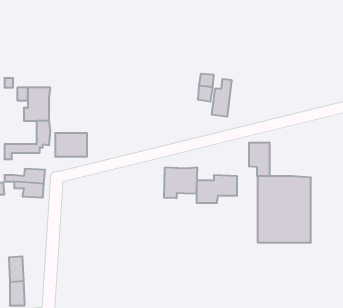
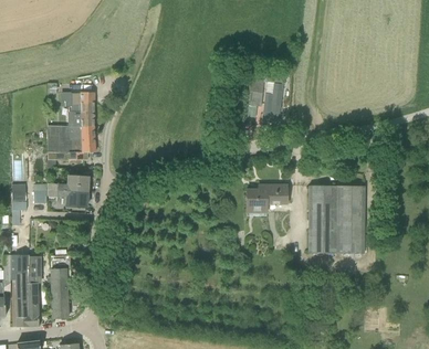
building: [55,133,87,157] -> [46,127,80,151]
building: [249,142,269,176] -> none
building: [164,167,197,198] -> none

